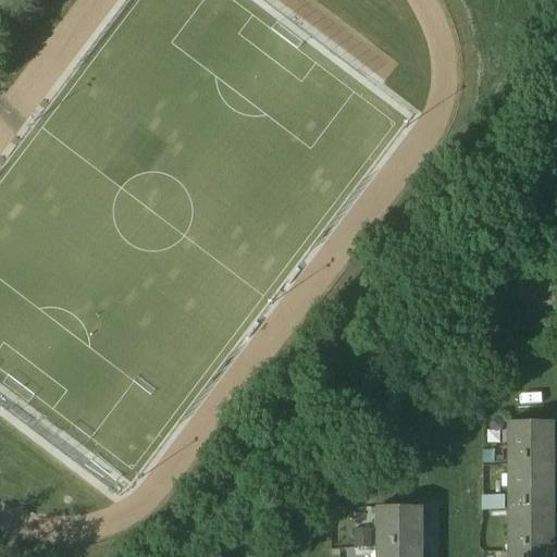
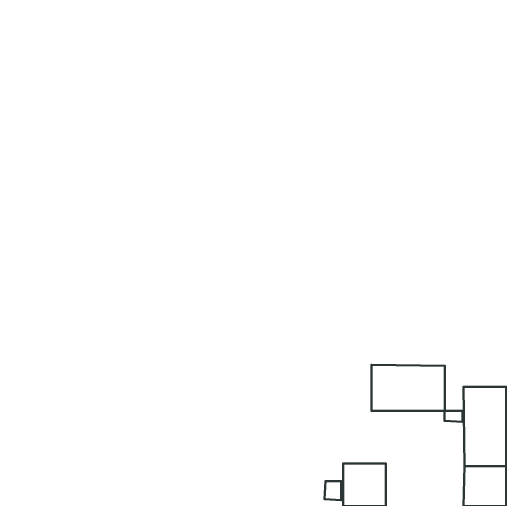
building: none -> [372,365,445,411]

